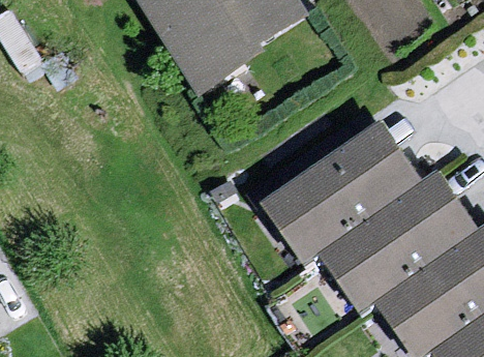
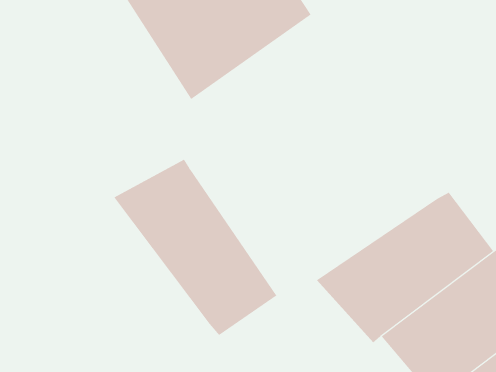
building: [260,124,422,264] -> none
building: none -> [113,159,277,336]

